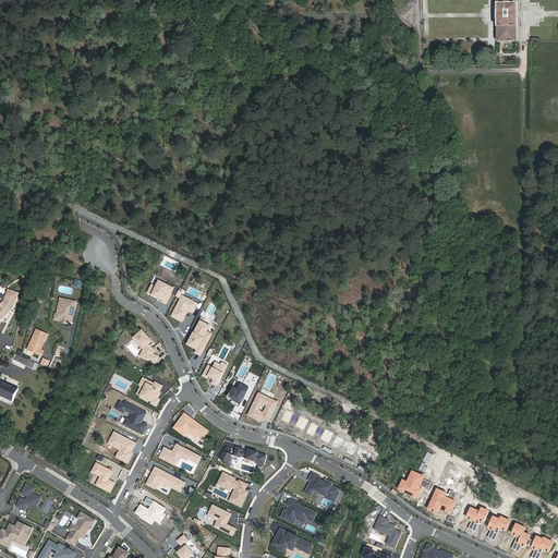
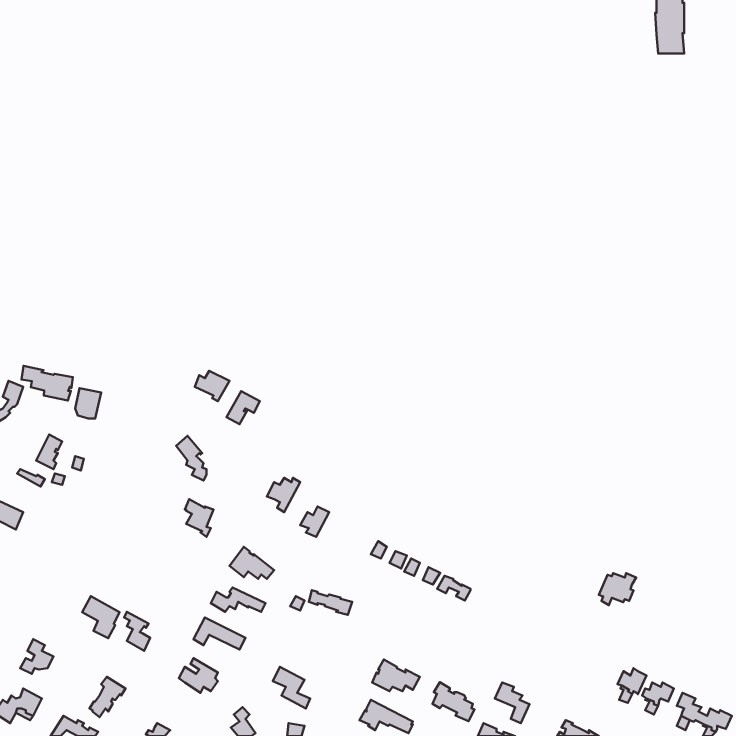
building: none -> [21,366,73,401]
building: [186,319,210,355] -> none
building: [246,391,277,421] -> none
building: [116,401,147,434] -> none
building: [107,430,135,462] -> [82,596,120,638]
building: [398,471,430,497] -> none
building: [217,472,247,506] -> none
building: [306,472,338,501] -> [432,682,474,721]
building: [428,489,457,513] -> [599,573,636,605]

